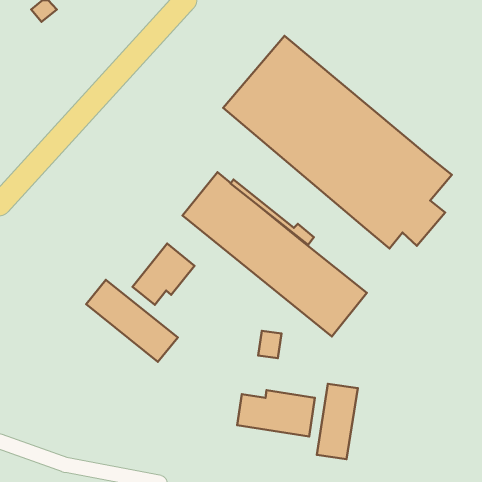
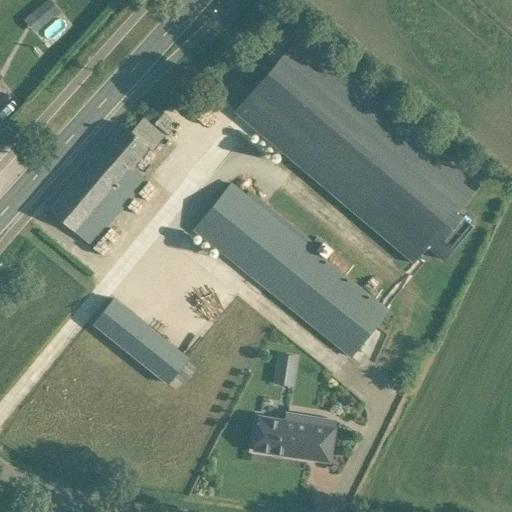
building: none -> [47,119,162,246]
building: [133,244,195,305] -> none
building: [317,384,358,459] -> none

